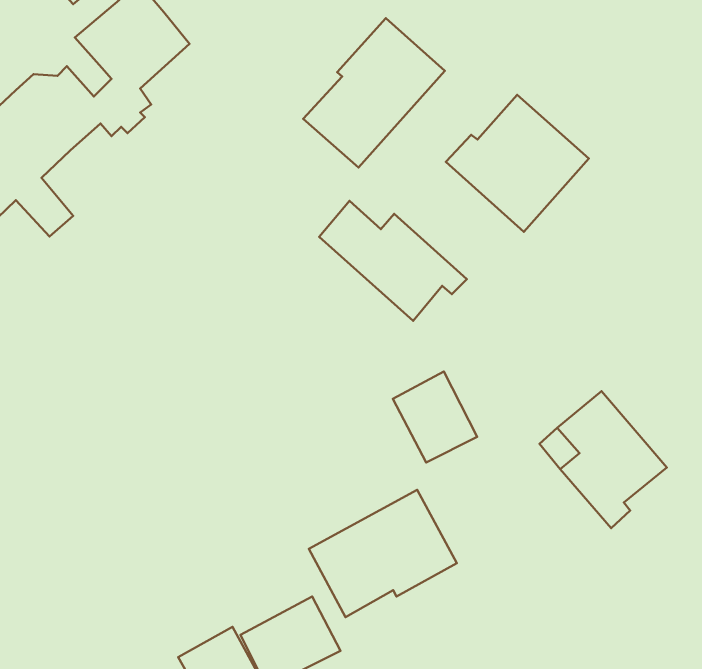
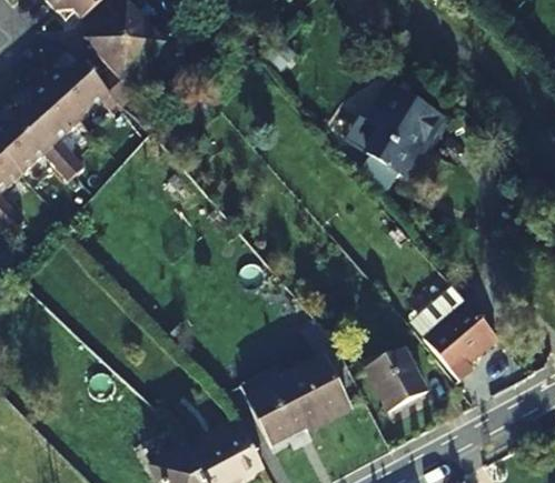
building: [303,18,445,168] -> none
building: [319,201,467,321] -> none
building: [393,372,477,462] -> [367,350,426,413]

